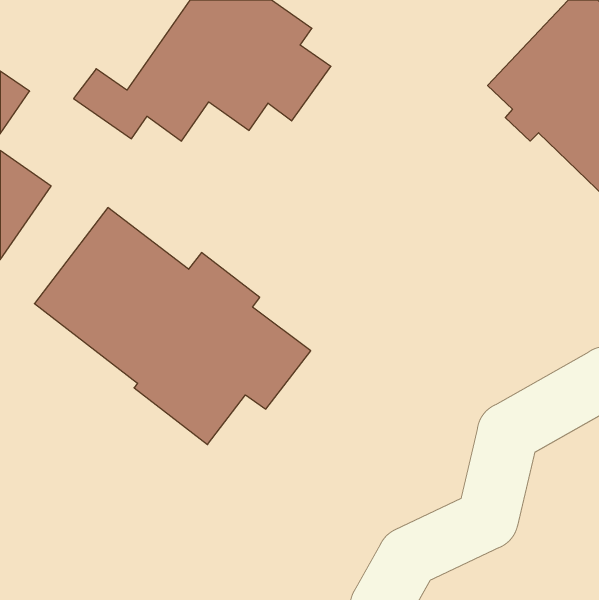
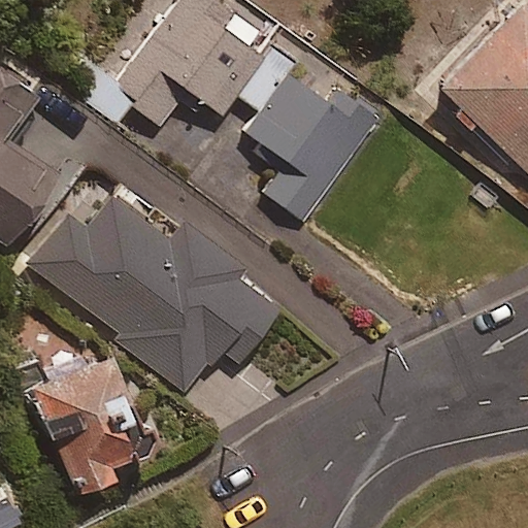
building: none -> [250,75,370,224]
building: none -> [21,343,152,495]

